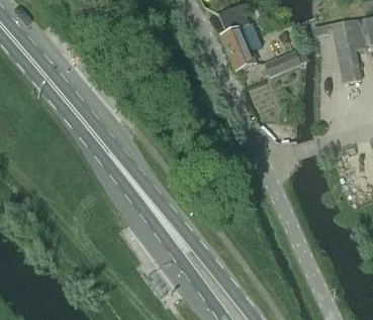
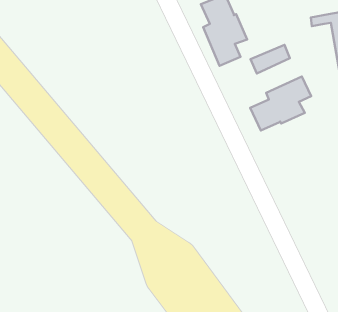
building: none -> [250,76,311,130]

